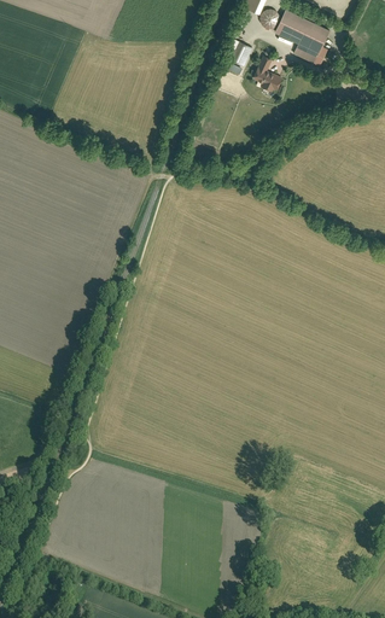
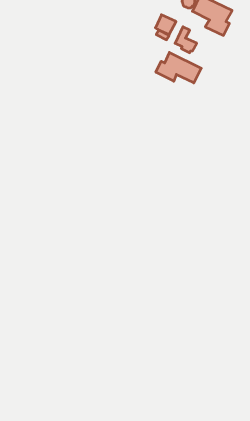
building: none -> [156,52,201,83]

